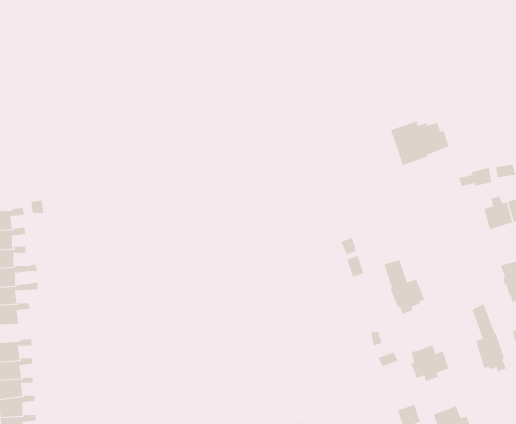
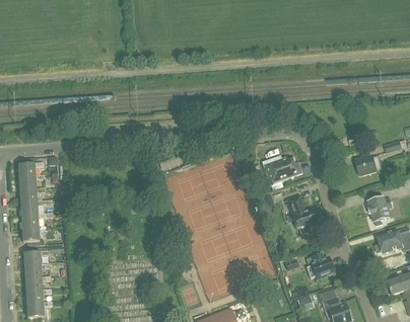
building: [390,121,450,166] -> [262,154,302,184]
building: [472,303,507,372] -> none

